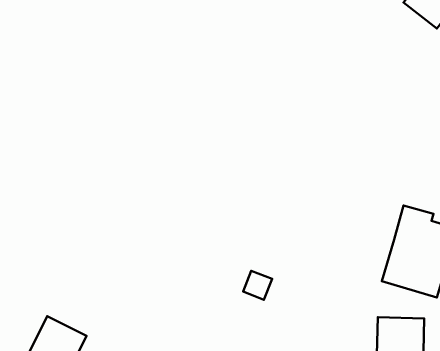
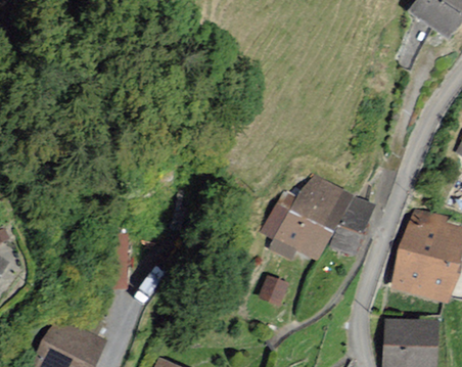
building: none -> [269,179,349,259]
building: none -> [335,198,373,251]

